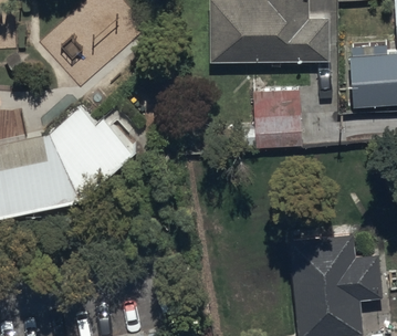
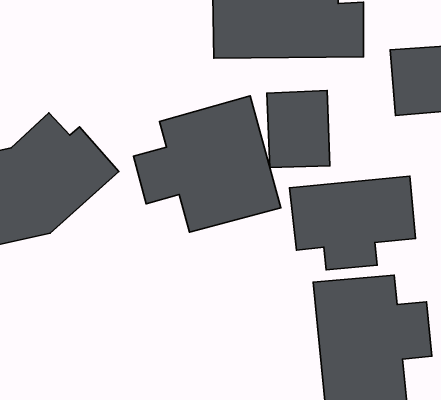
building: none -> [133,96,281,232]
building: none -> [290,176,415,270]

